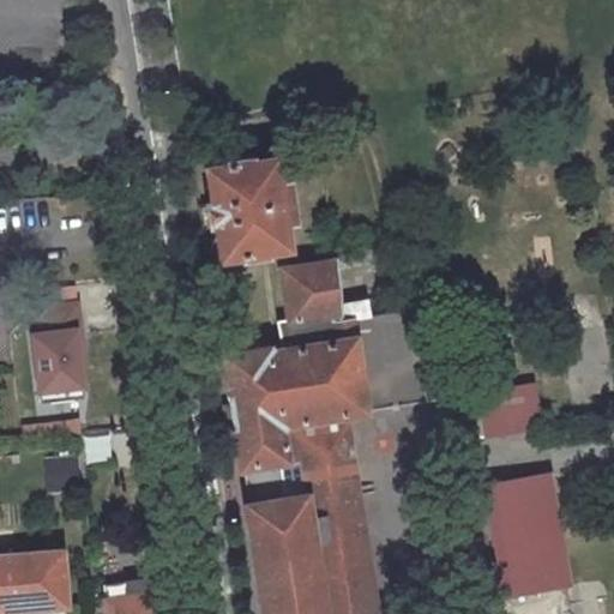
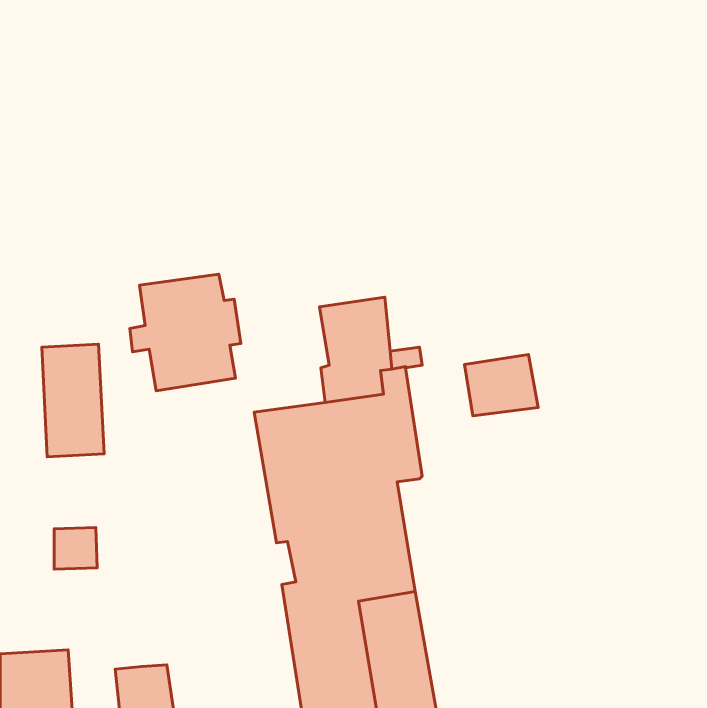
building: [199,161,295,261] -> [130,274,241,391]
building: [476,385,540,438] -> [465,355,538,416]
building: [490,476,568,597] -> none

